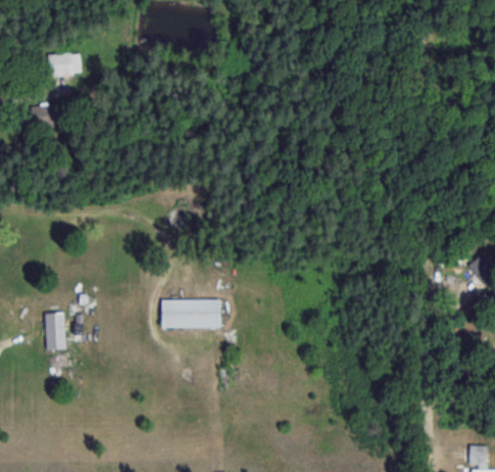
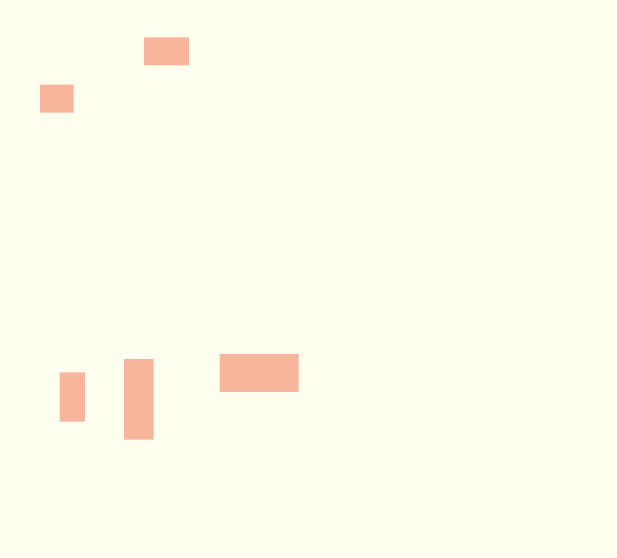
building: [47,54,81,76] -> [143,37,190,66]
building: none -> [123,358,154,441]

